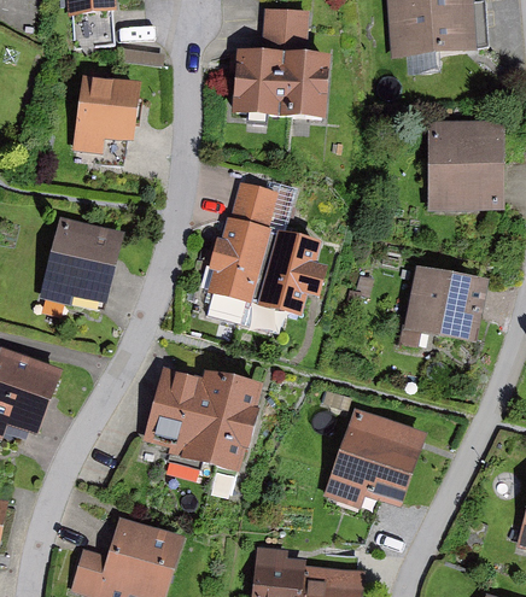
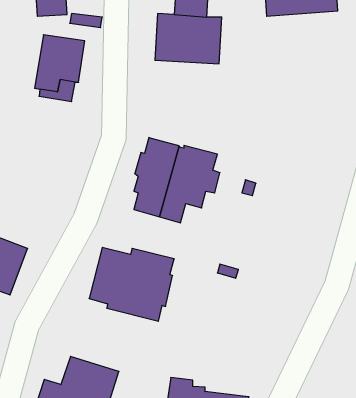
building: [429,123,505,212] -> none
building: [232,182,277,228] -> none
building: [29,229,115,327] -> none
building: [399,264,489,347] -> none
building: [327,410,426,507] -> none

